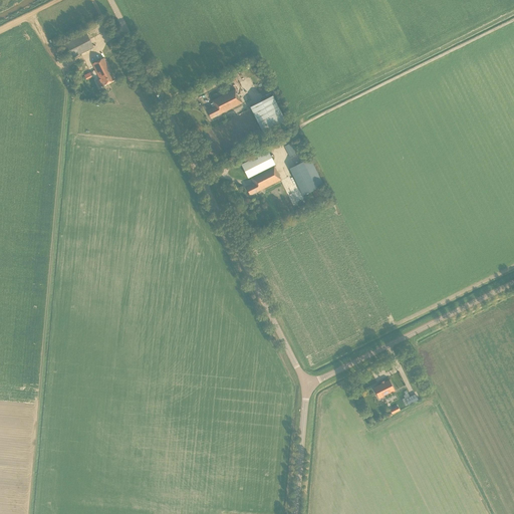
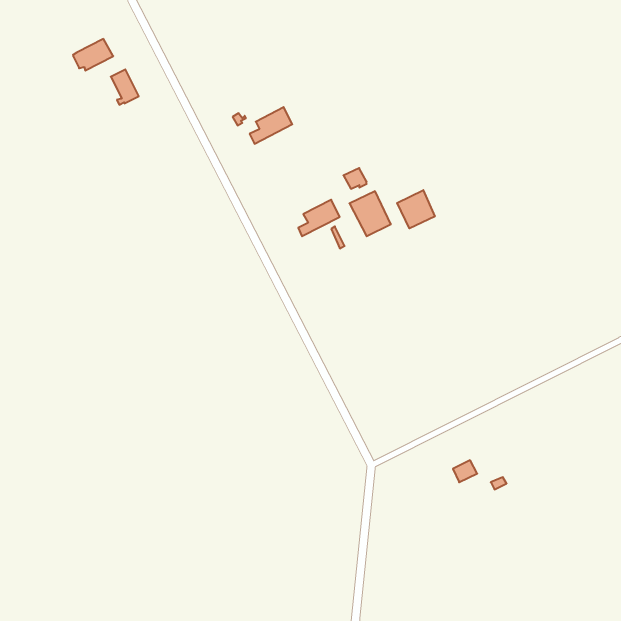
building: [249,95,285,134] -> none
building: [240,150,274,178] -> none
building: none -> [397,190,435,228]

